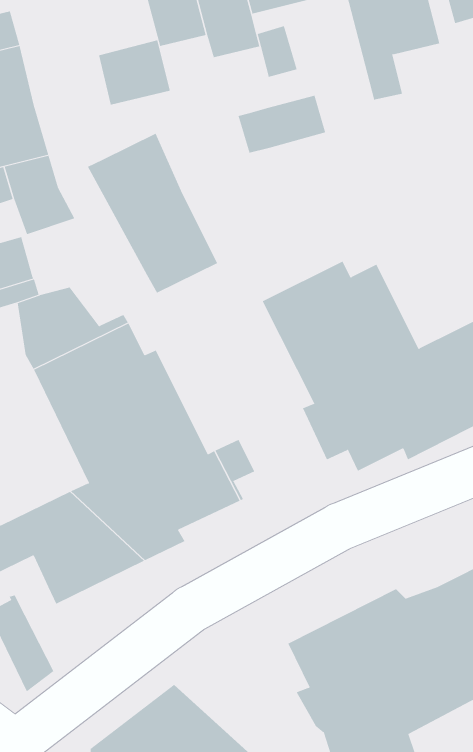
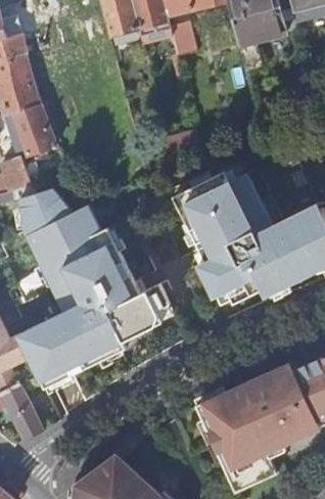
building: [99,40,171,106] -> none
building: [238,95,326,154] -> none
building: [87,133,218,294] -> none

